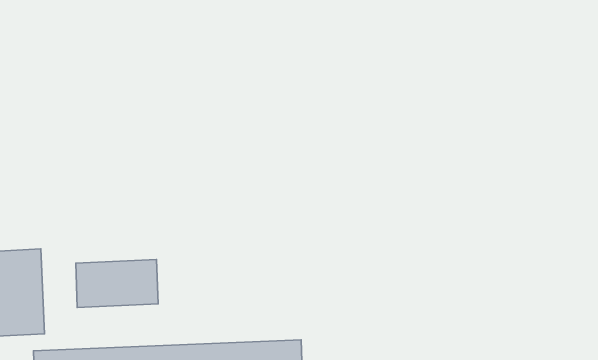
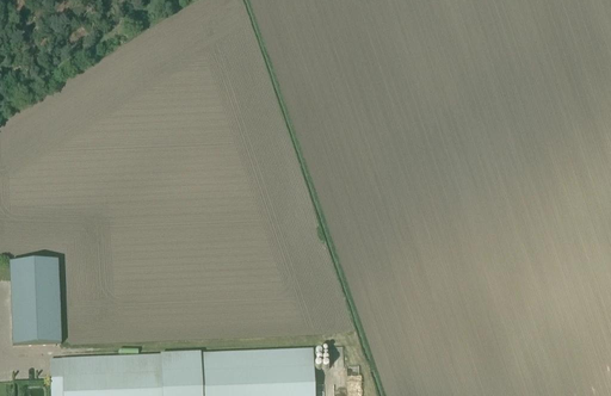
building: [76,260,158,307] -> none

